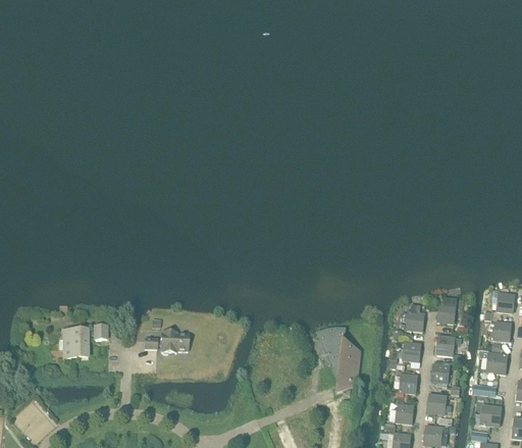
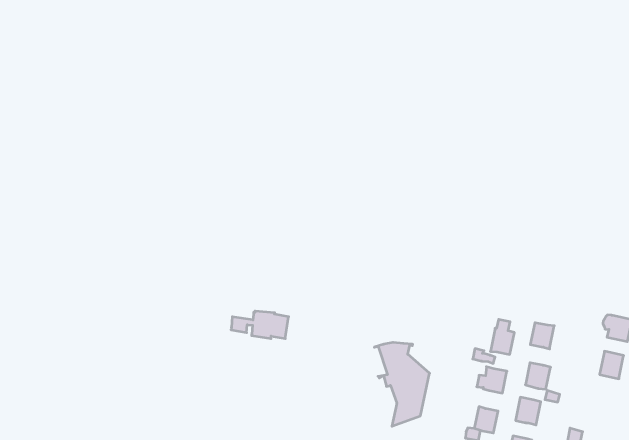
building: [59,325,107,356] -> none
building: [145,332,189,352] -> [231,311,289,339]
building: [486,352,508,375] -> none

